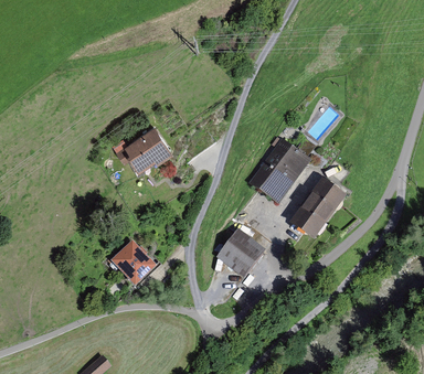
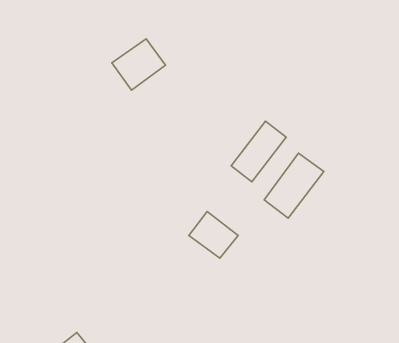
building: [117,121,169,171] -> [112,39,166,90]
building: [112,246,155,289] -> none

